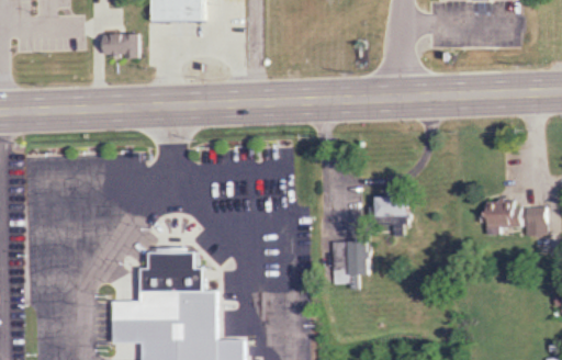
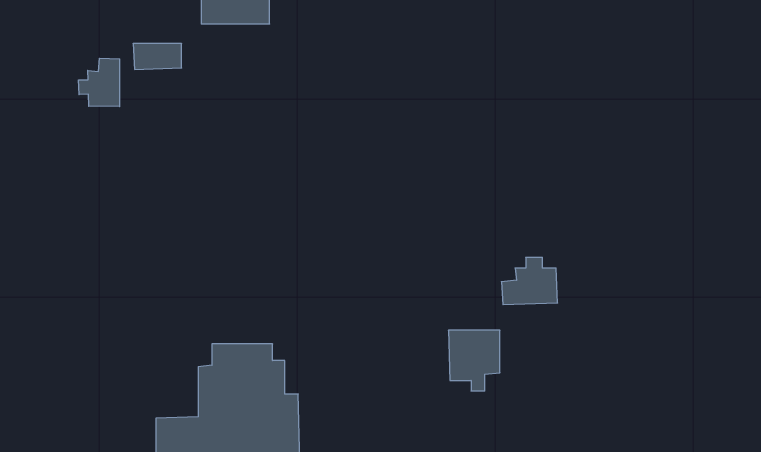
building: none -> [79,58,120,107]
building: [483,203,541,236] -> none

